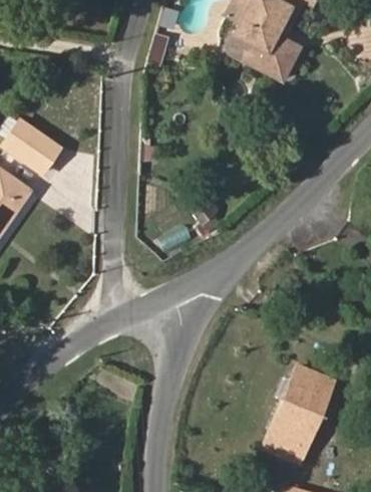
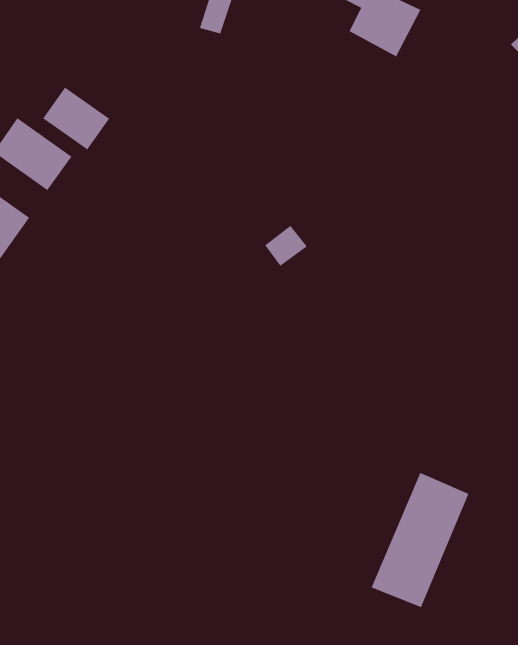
building: none -> [42,86,110,151]

